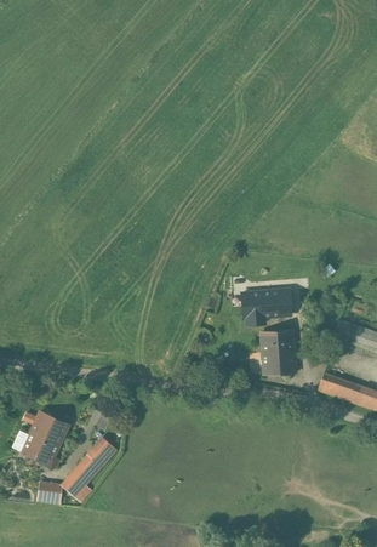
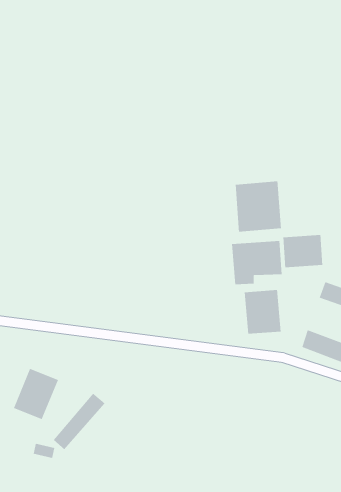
building: none -> [235,180,281,233]
building: none -> [283,234,323,268]

